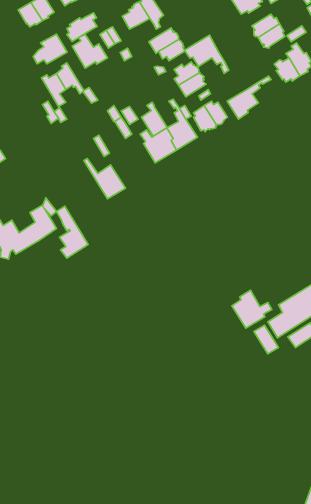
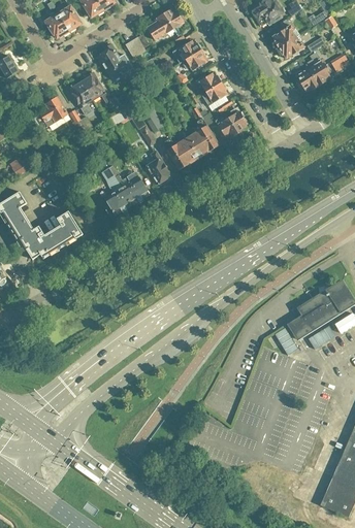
building: [67,13,97,42] -> none
building: [33,34,67,64] -> [34,96,67,125]
building: [184,35,229,73] -> none
building: [227,76,271,119] -> none
building: [142,102,167,136] -> [146,150,170,183]
building: [56,206,88,258] -> [101,166,132,217]
building: [232,290,272,328] -> none

